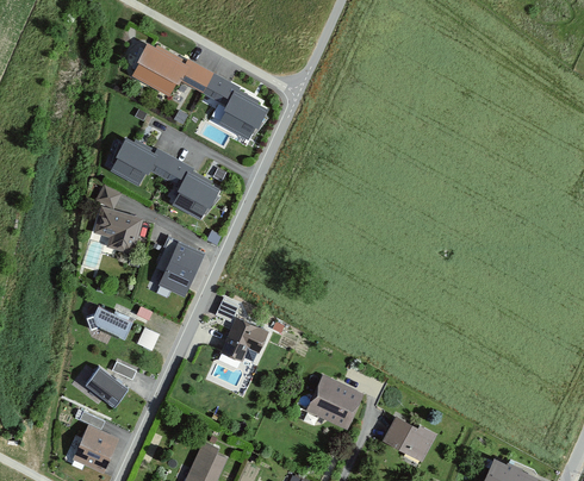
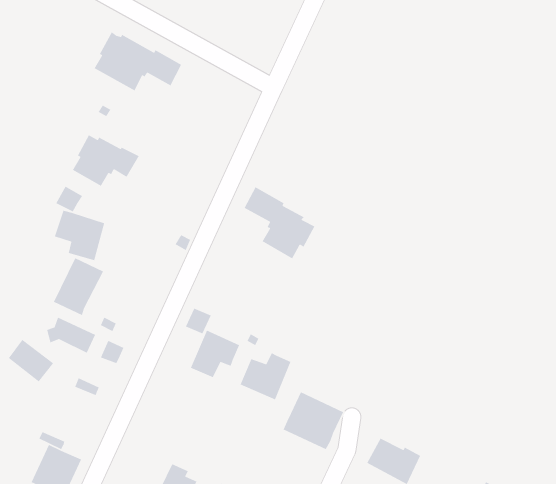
building: [201,73,268,140] -> [244,186,315,260]
building: [161,157,219,220] -> none
building: [157,243,205,298] -> [53,257,104,316]
building: none -> [239,352,292,400]
building: [85,367,128,407] -> [8,339,54,382]

